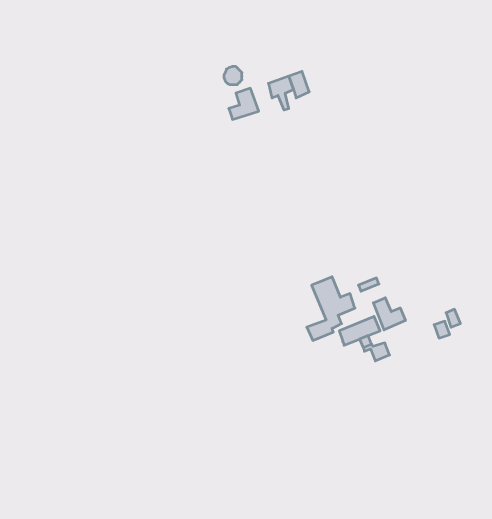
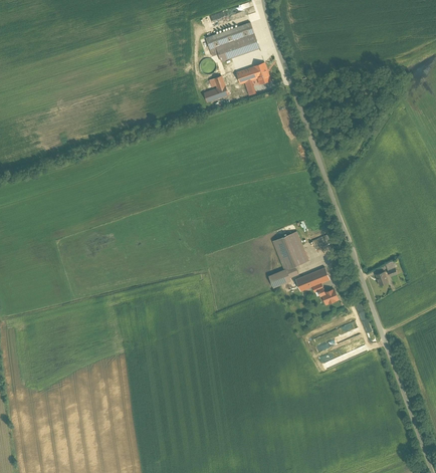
building: none -> [204,20,260,60]
building: [373,298,405,330] -> none

